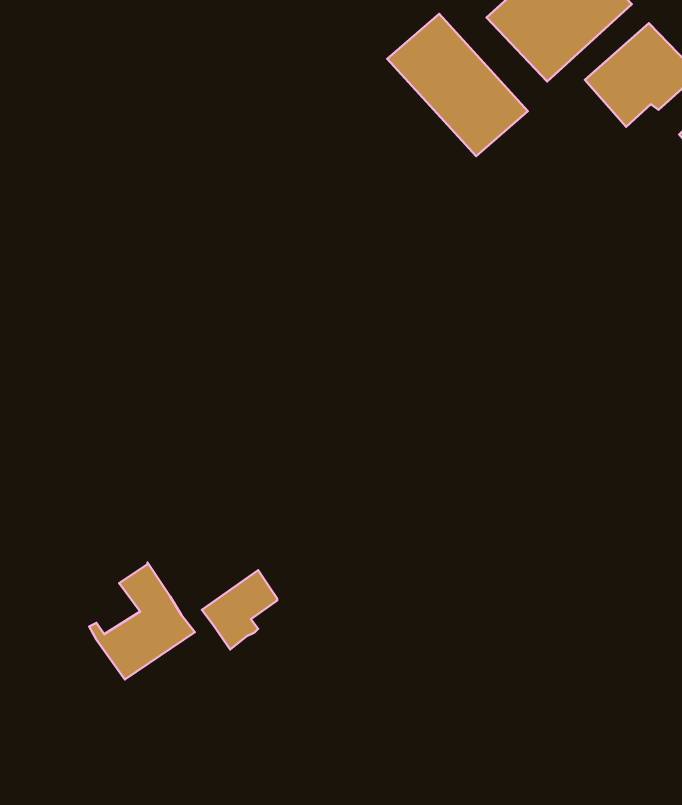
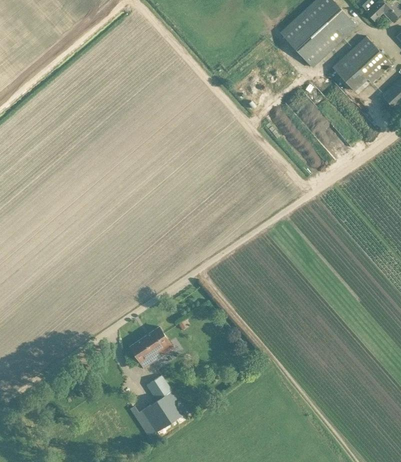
building: [387,14,528,156] -> none
building: [89,562,195,679] -> [130,374,186,436]

